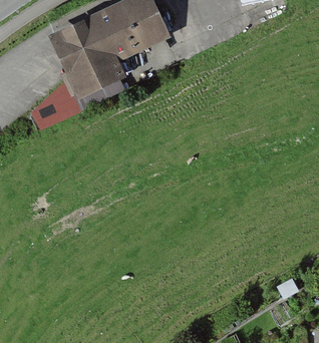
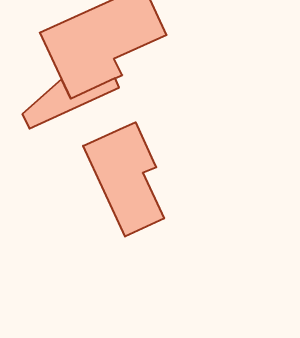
building: none -> [83,122,164,237]

